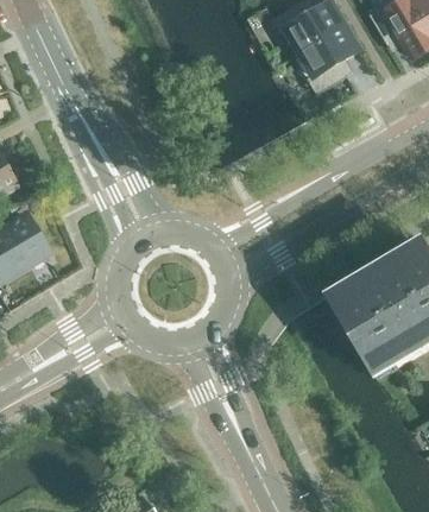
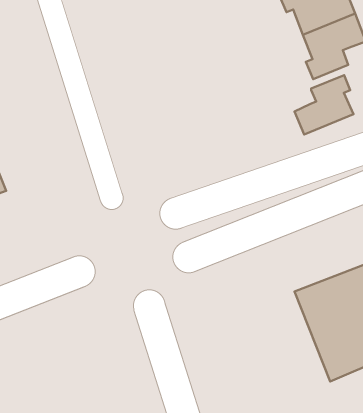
building: none -> [294,75,354,134]

